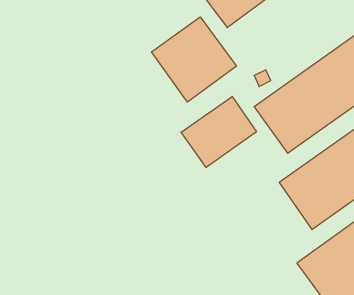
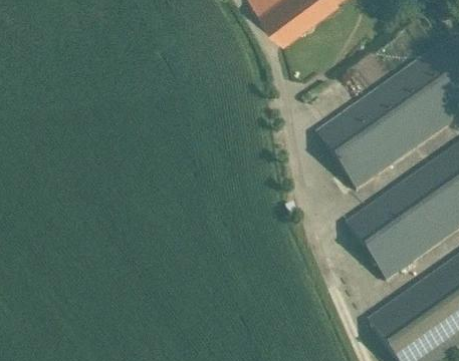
building: [152,17,236,102] -> none
building: [181,96,256,167] -> none

